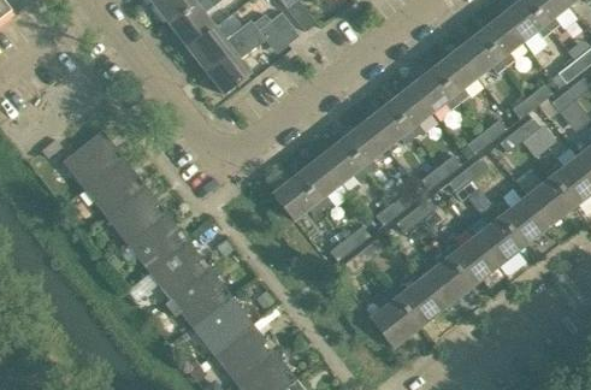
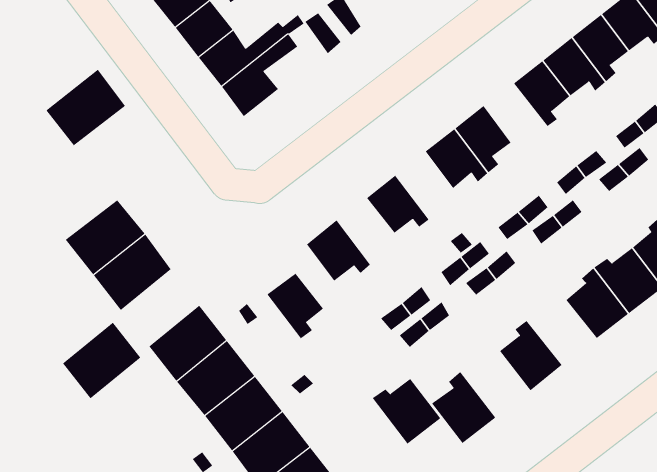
building: [410,67,460,113] -> none
building: [342,120,386,173] -> none
building: [63,129,125,189] -> [46,69,126,146]
building: [296,156,341,208] -> [267,273,324,339]
building: [128,212,189,272] -> [62,322,141,399]
building: [444,236,498,286] -> none
building: [392,276,447,327] -> [372,378,441,445]

